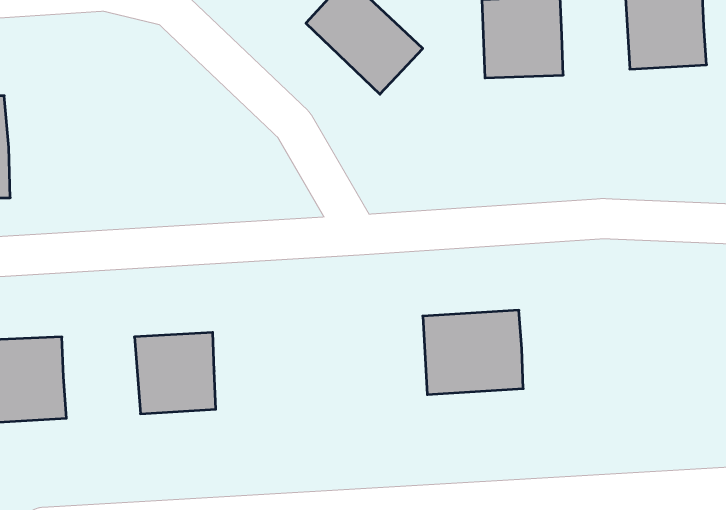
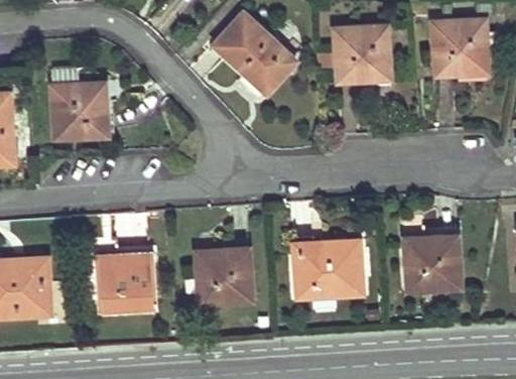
building: none -> [51,69,107,138]
building: none -> [404,235,460,290]
building: none -> [197,248,252,304]

